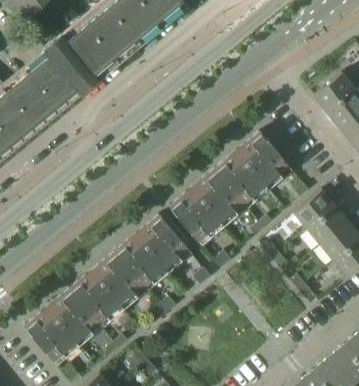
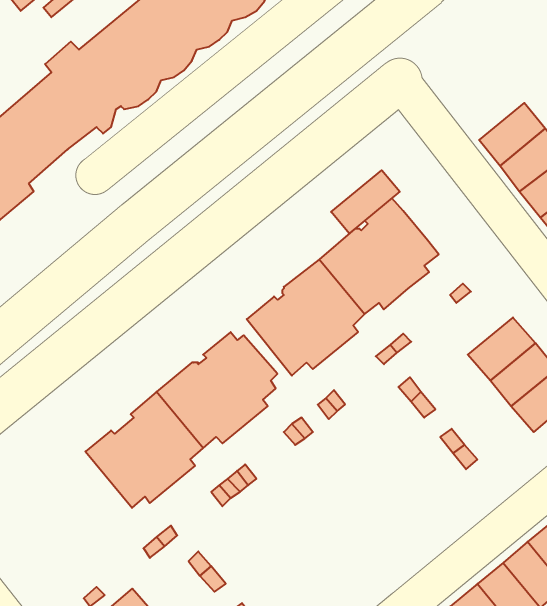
building: none -> [331,170,400,233]
building: [294,189,335,228] -> none
building: [25,288,99,360] -> none

